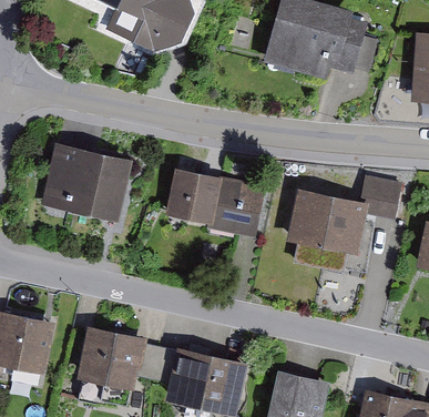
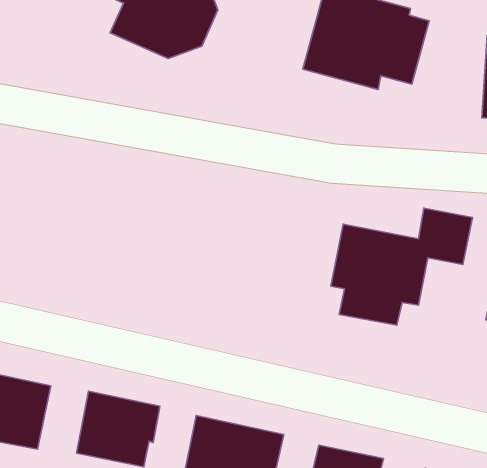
building: [41,142,132,223] -> none
building: [165,169,266,238] -> none
building: [135,345,175,384] -> none

